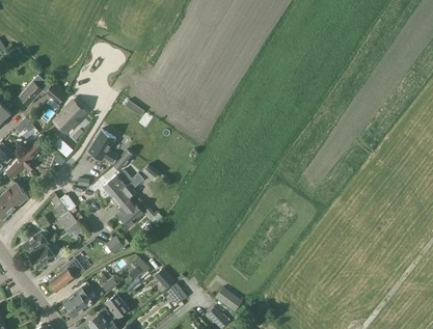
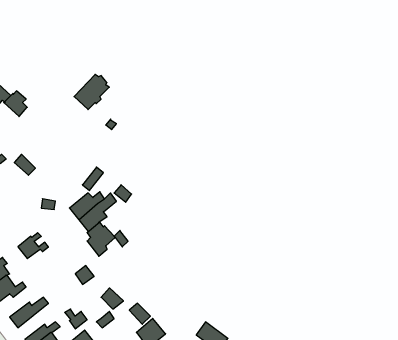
building: [55,101,86,132] -> [74,74,109,110]
building: [88,130,118,163] -> none

